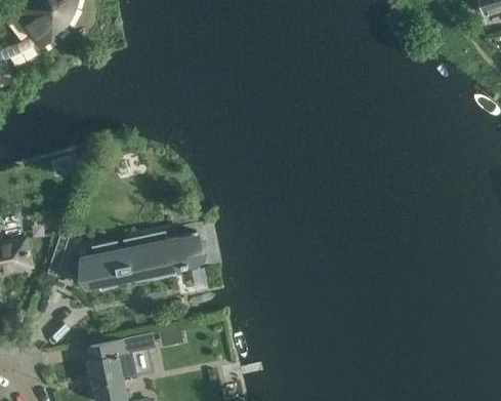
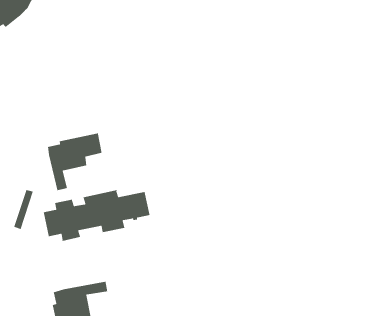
building: none -> [47,132,103,191]

